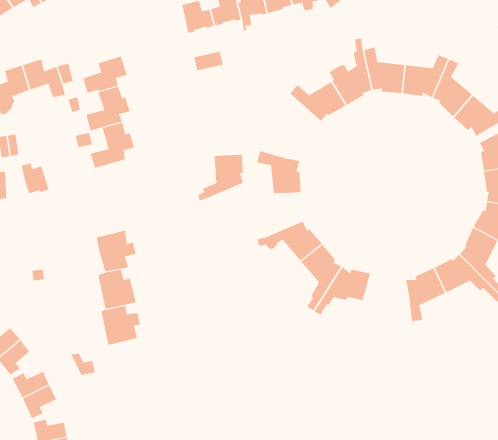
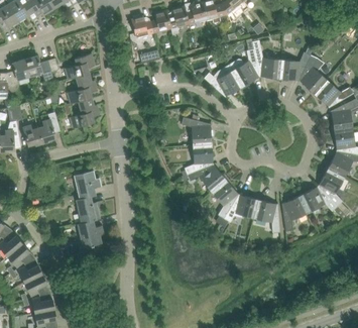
building: none -> [37,113,61,143]
building: [197,154,244,201] -> [182,145,213,177]
building: none -> [253,200,280,236]

